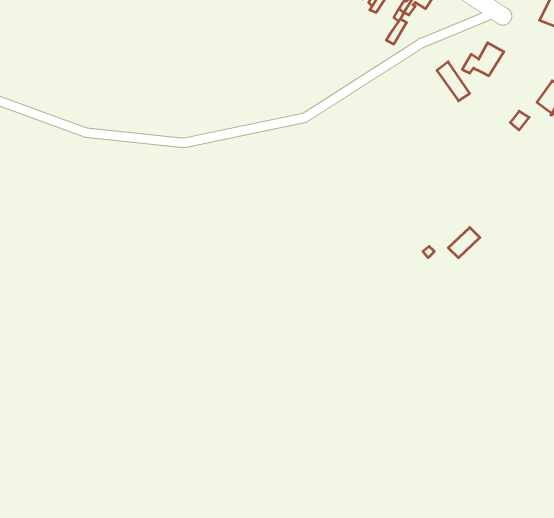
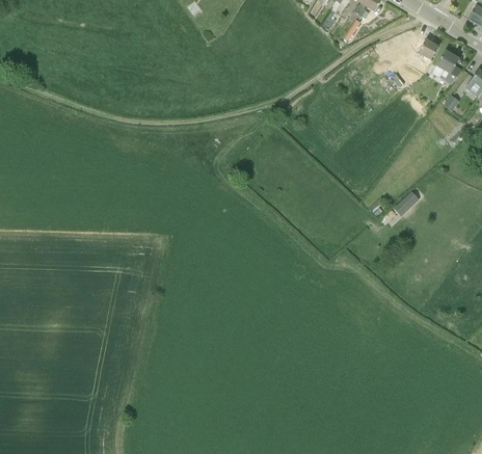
building: none -> [436,49,462,83]

